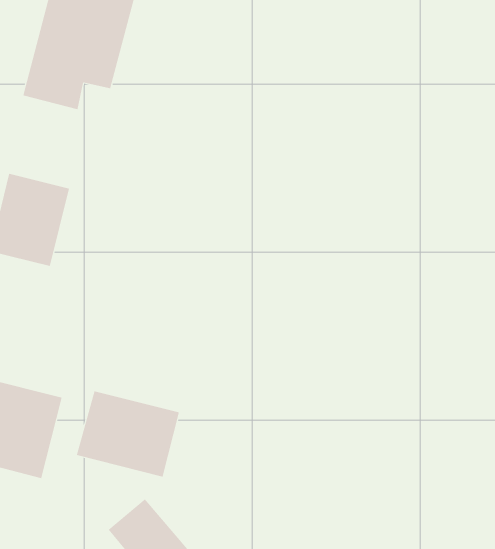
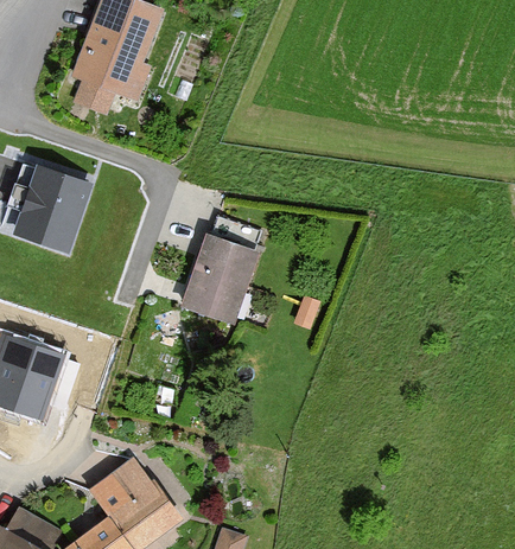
building: none -> [178,232,256,323]
building: [76,391,180,477] -> none

